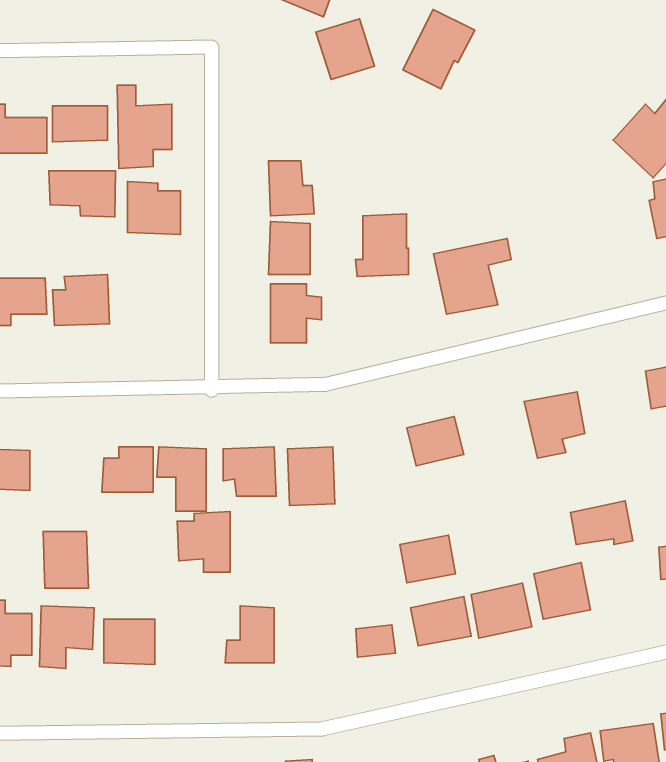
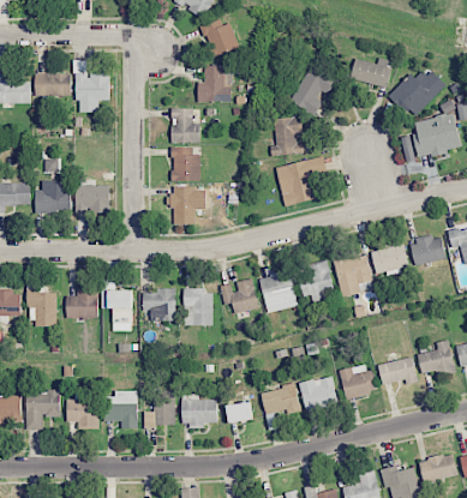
building: [403,9,475,89] -> [292,64,337,114]
building: none -> [351,58,391,86]
building: none -> [198,65,232,102]
building: [49,171,115,217] -> none
building: [128,181,181,234] -> [77,179,110,212]
building: [355,214,408,276] -> [270,116,304,156]
building: none -> [371,242,409,275]
building: none -> [300,262,334,300]
building: none -> [221,278,259,313]
building: [570,501,633,545] -> [378,356,418,384]
building: [177,512,230,572] -> [104,390,138,428]
building: [43,531,89,588] -> [29,290,58,326]
building: [400,535,455,583] -> none
building: none -> [182,392,217,425]

